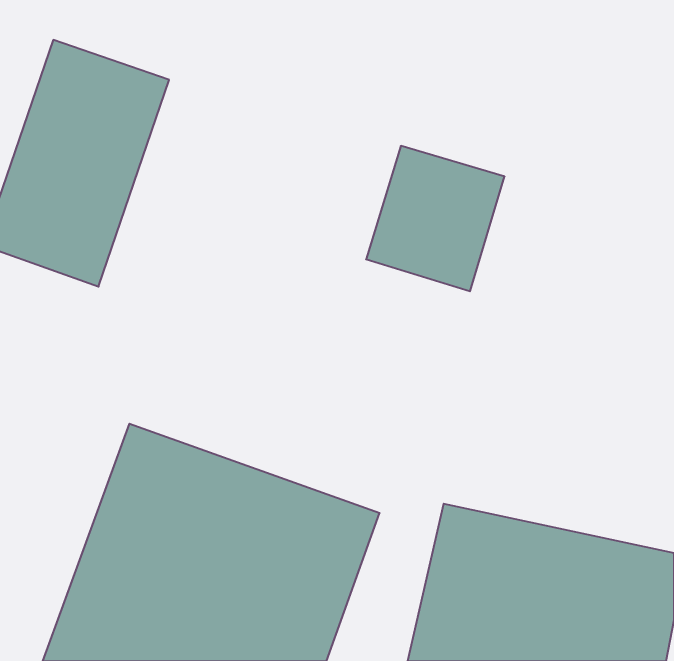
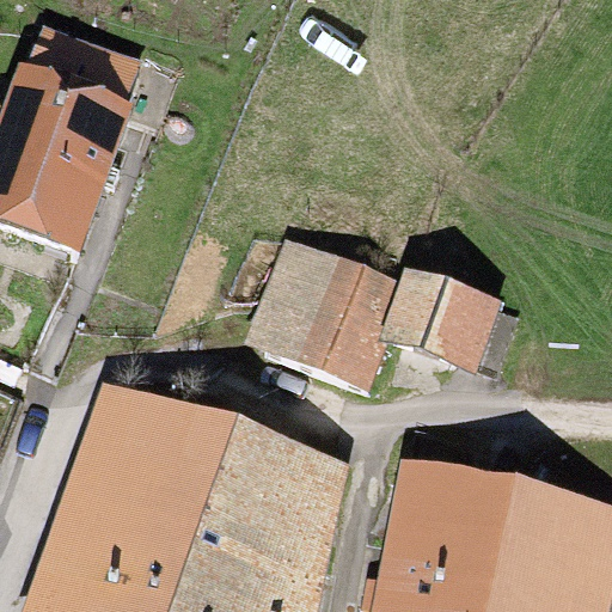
building: [366,146,505,291] -> [247,246,372,377]
building: none -> [387,282,497,385]

